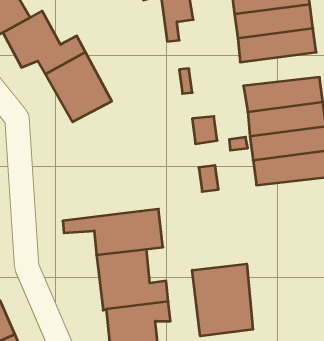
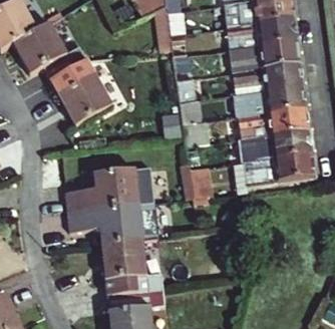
building: none -> [231,60,304,91]
building: none -> [64,166,155,216]
building: [192,264,253,336] -> none

